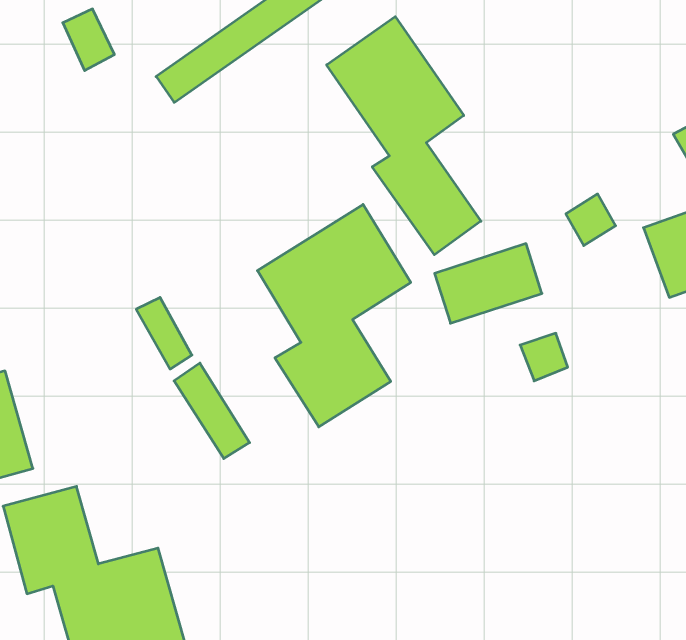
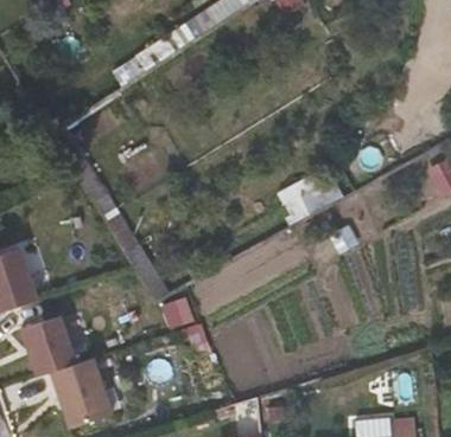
building: [327,17,481,255] -> none
building: [257,204,411,427] -> none

